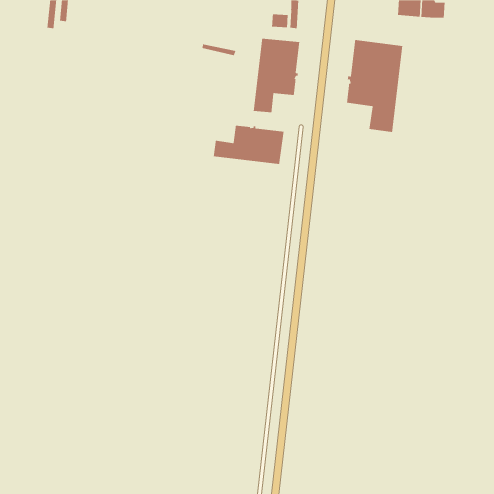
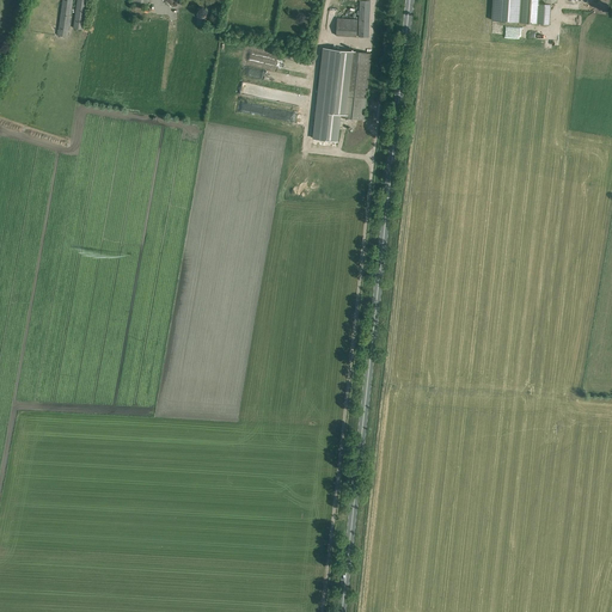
building: [346,39,403,133] -> none
building: [213,125,285,165] -> none

